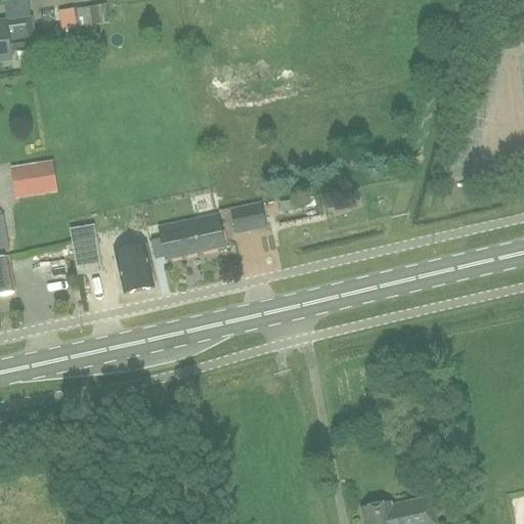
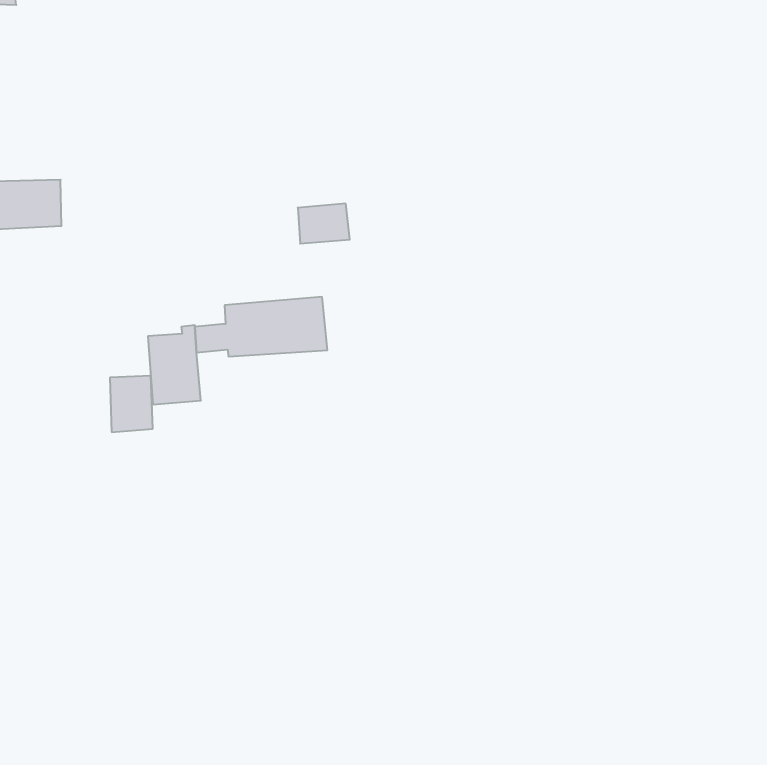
building: [230,204,264,231] -> [298,204,350,244]
building: [71,237,100,274] -> [110,376,153,432]

